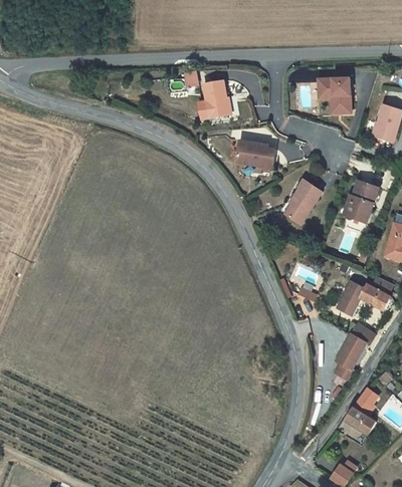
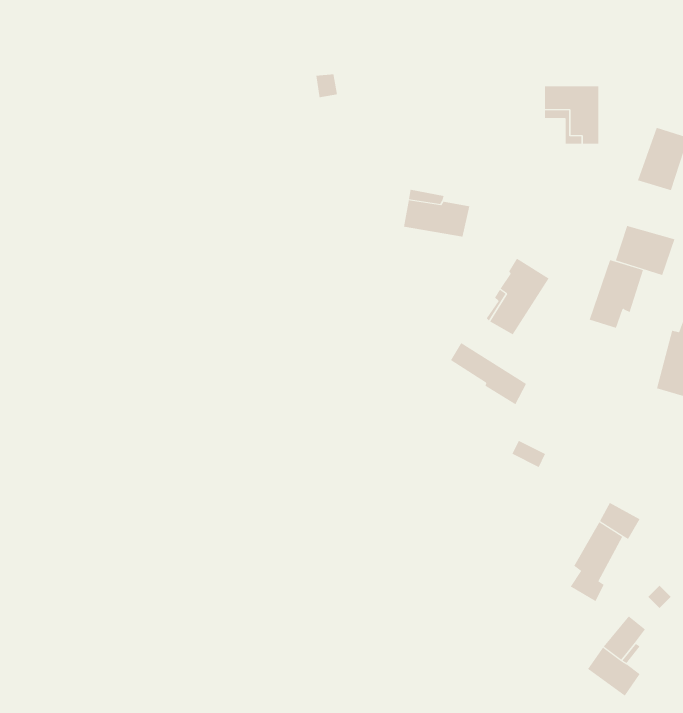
building: [203,81,229,117] -> none
building: none -> [615,225,675,276]
building: none -> [450,342,527,405]
building: [337,281,390,314] -> none

